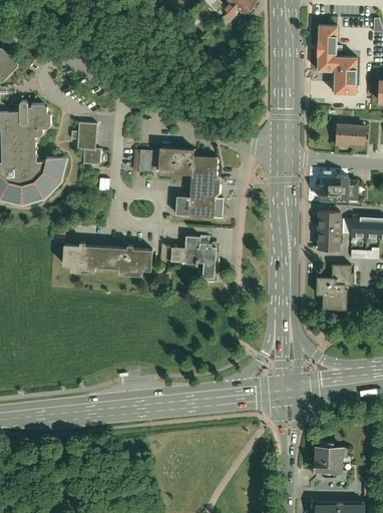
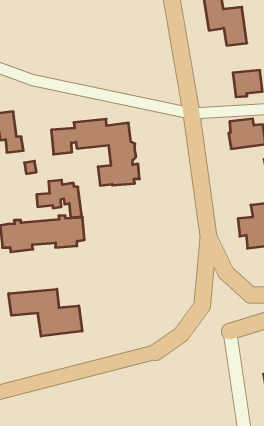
building: [317,209,341,251] -> none
building: [169,235,216,279] -> [37,180,82,217]
building: none -> [9,289,82,336]

